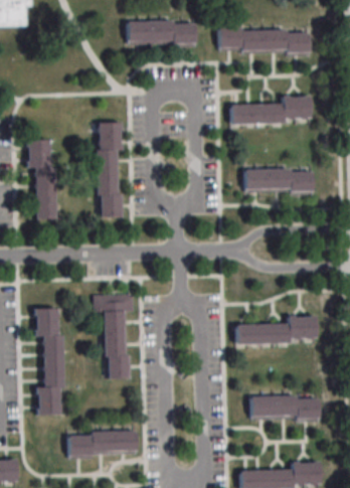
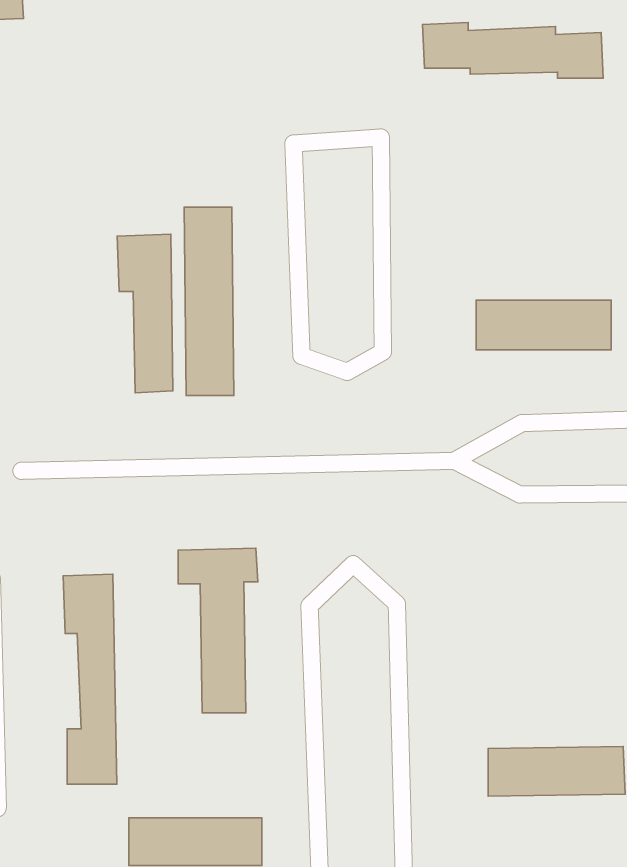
building: [127,21,195,44] -> none
building: [230,96,311,124] -> none
building: [27,139,55,219] -> [117,234,173,393]
building: [236,316,316,343] -> none

